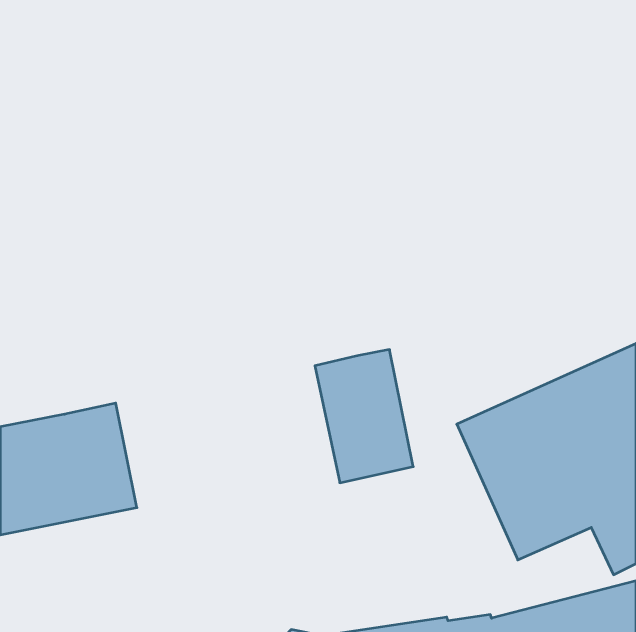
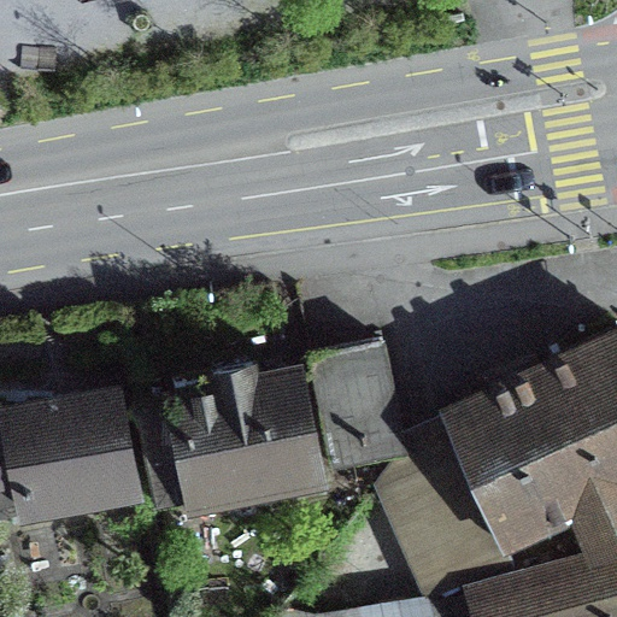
building: none -> [136,369,312,505]

